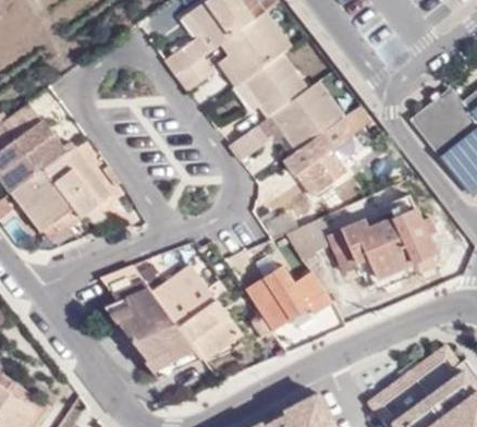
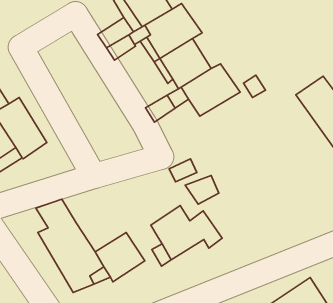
building: [290,121,359,199] -> none
building: [319,194,436,289] -> none
building: [156,269,217,329] -> none

